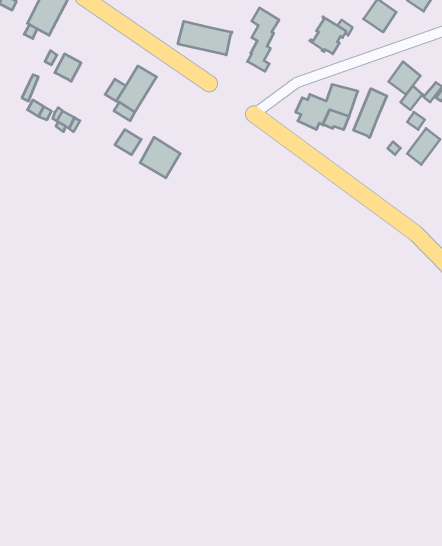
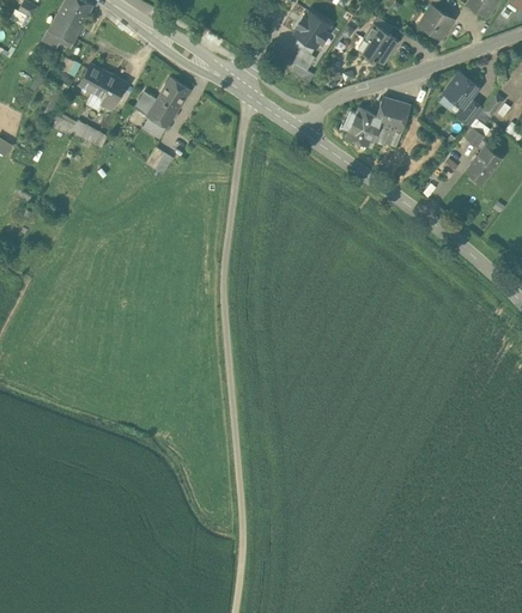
building: [178,21,232,55] -> none
building: none -> [86,73,127,109]
building: [354,89,387,138] -> none
building: [140,137,180,178] -> none

